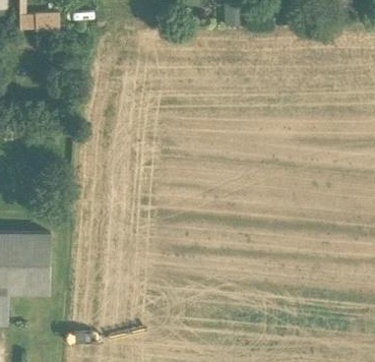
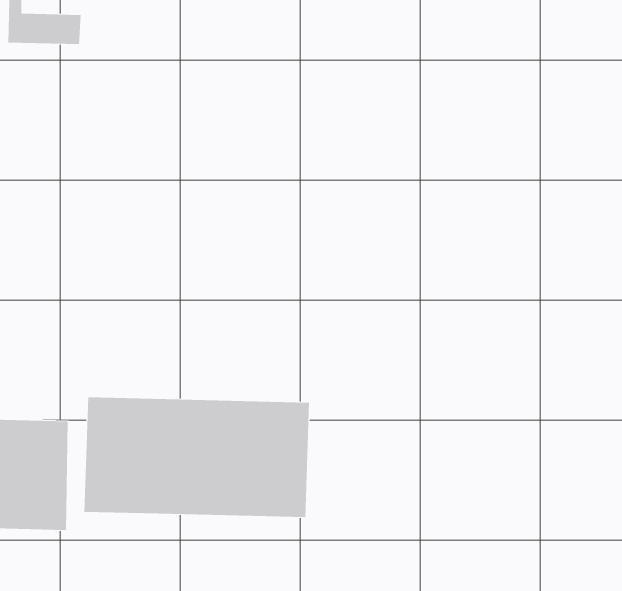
building: none -> [84,397,310,518]

